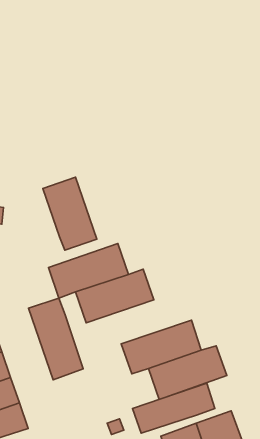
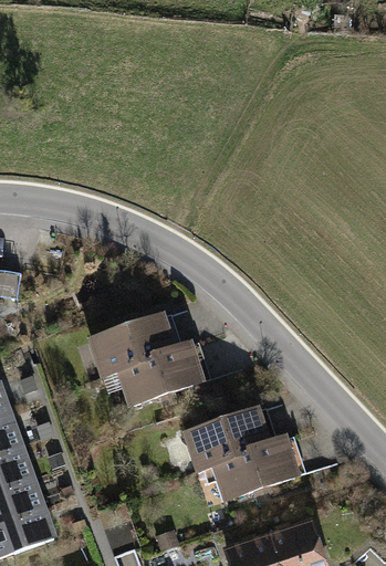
building: [43,177,97,250] -> none
building: [28,298,83,380] -> none
building: [132,383,215,433] -> none

